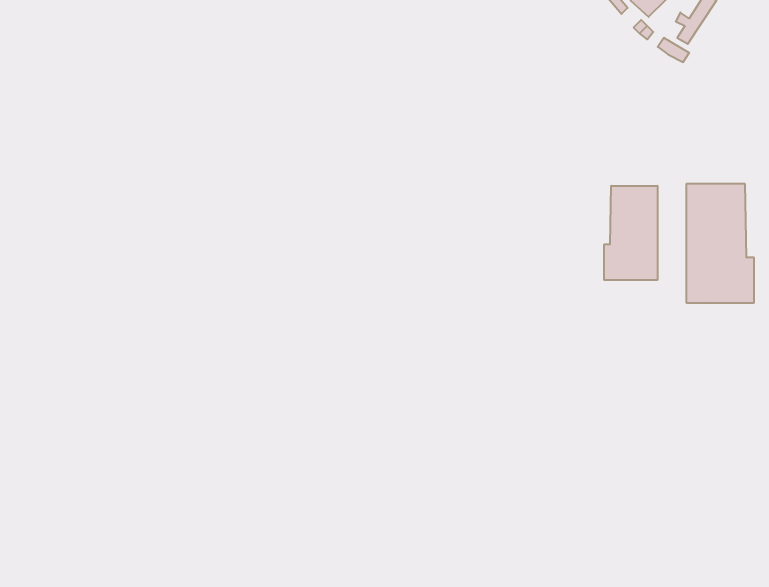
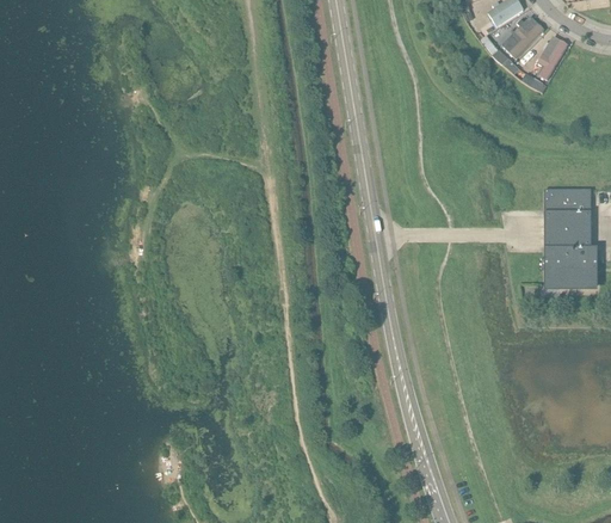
building: [604,186,657,280] -> none

